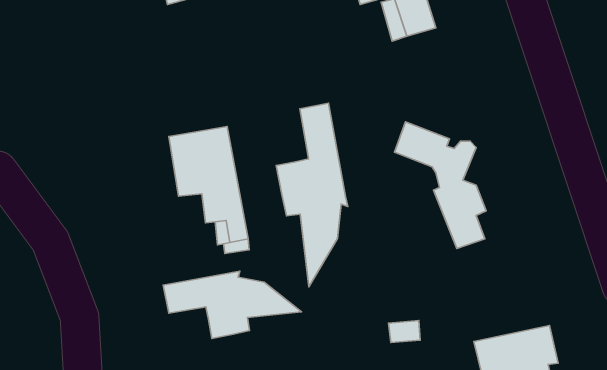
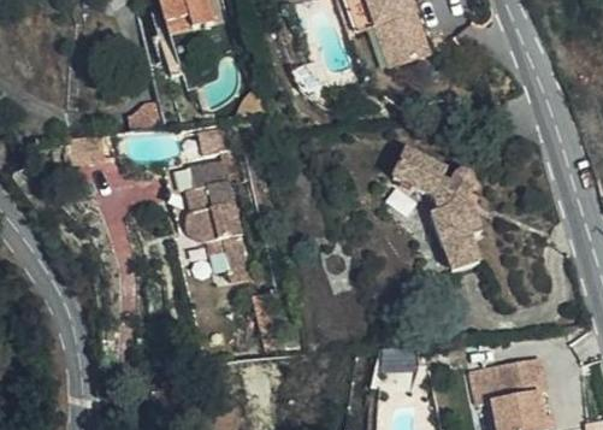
building: [276,103,348,287] -> none
building: [163,271,302,338] -> none

